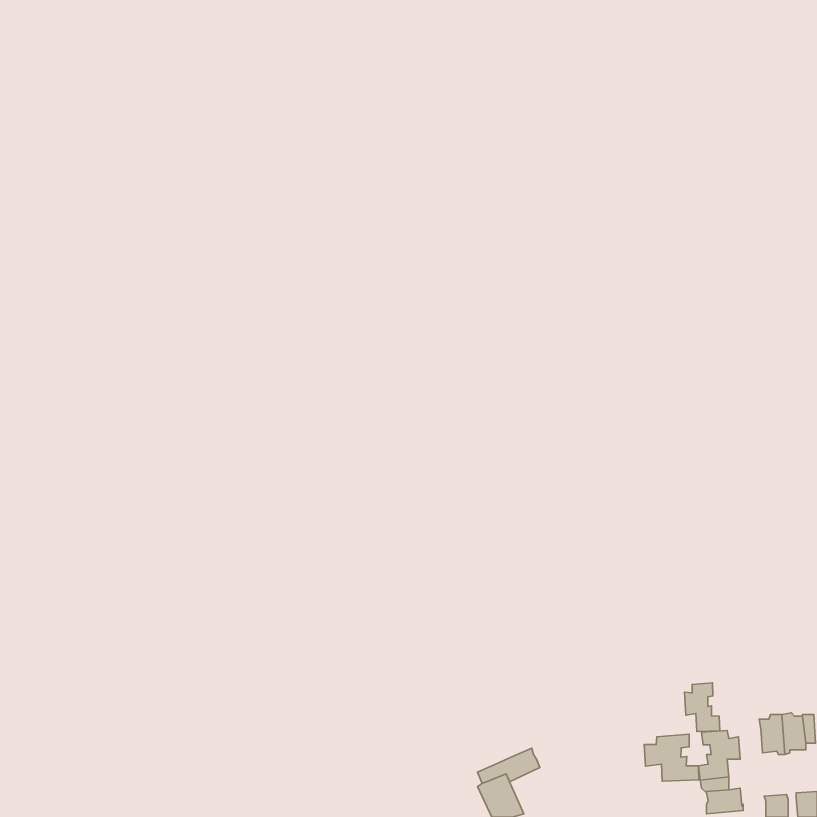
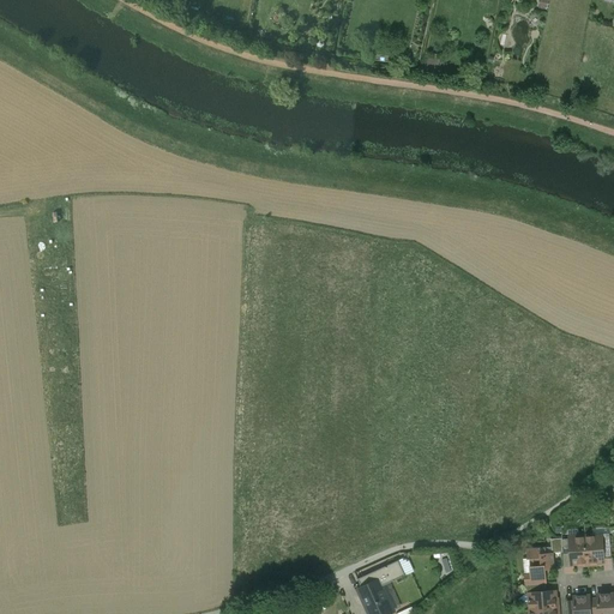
building: [684,683,720,731] -> none
building: [644,734,699,781] -> none

